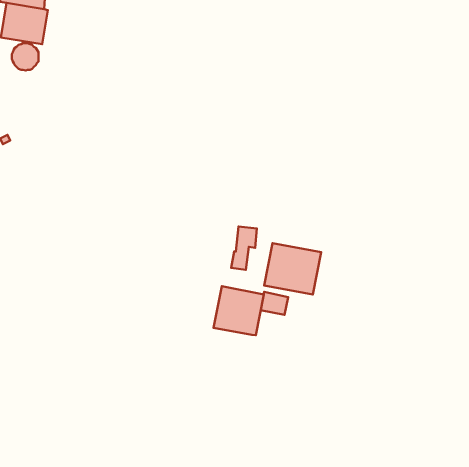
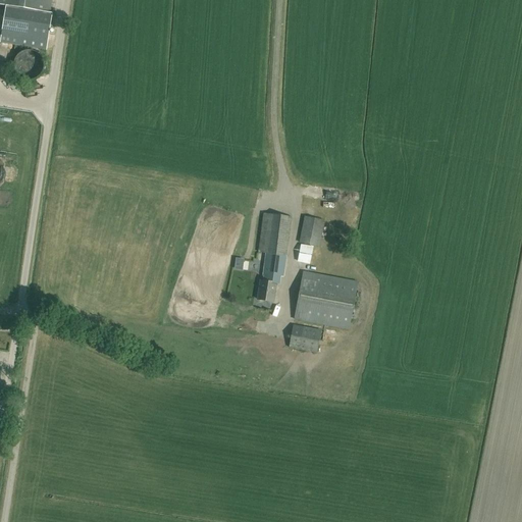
building: none -> [258,212,291,254]
building: none -> [299,215,324,244]
building: [213,286,264,335] -> none

